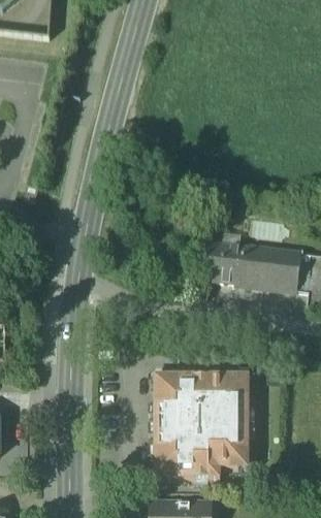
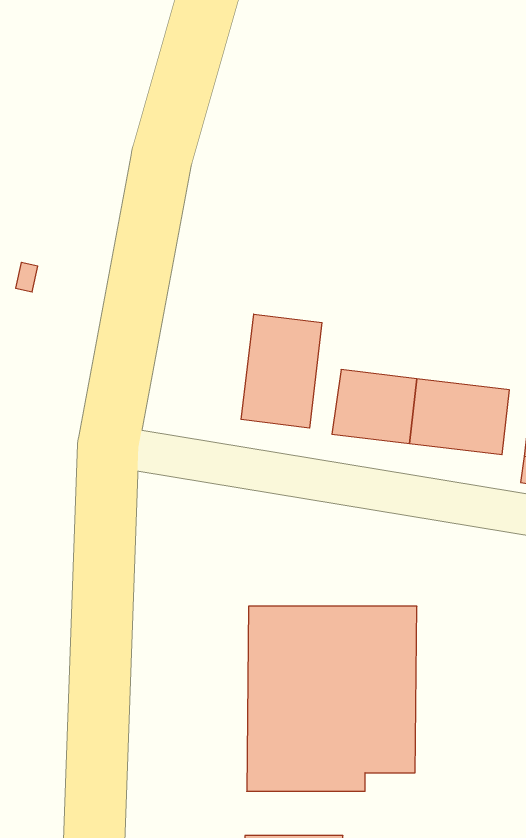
building: none -> [241,314,322,428]

